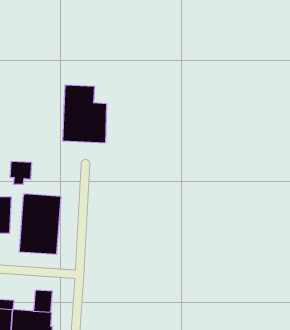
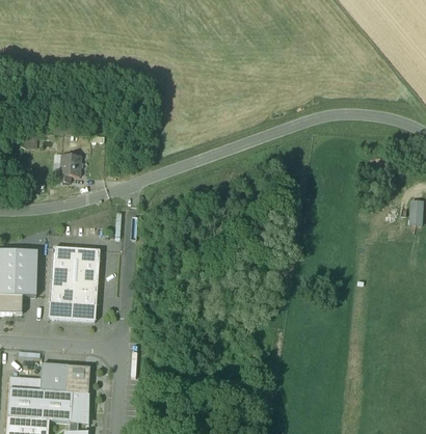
building: [63,85,107,143] -> none
building: [10,162,32,184] -> [53,154,80,182]
building: none -> [41,359,68,391]

